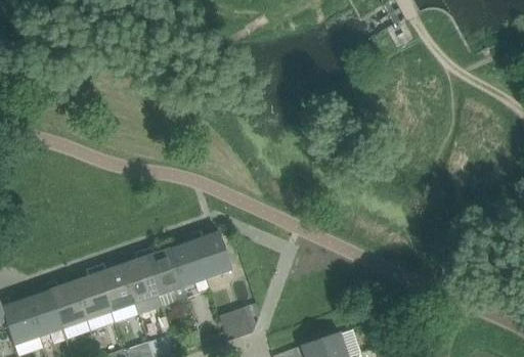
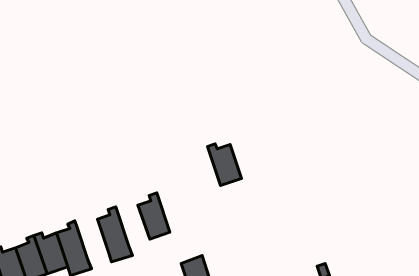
building: [193,230,233,279] -> [207,144,241,186]
building: [145,247,188,303] -> none
building: [97,263,137,312] -> none

